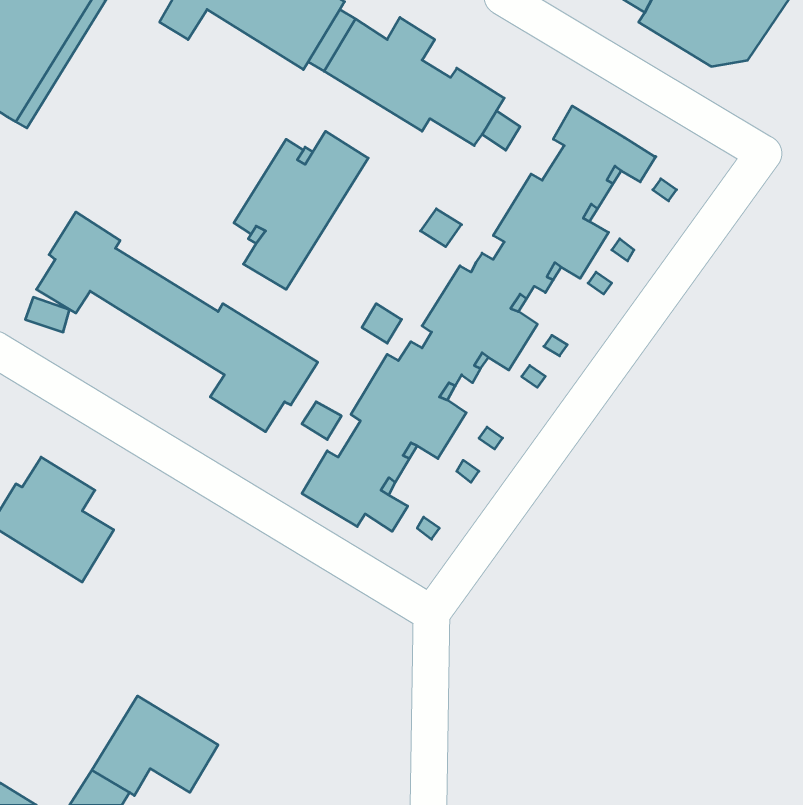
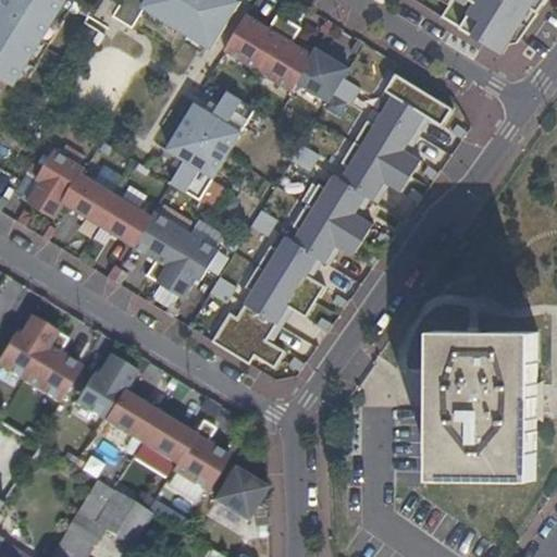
building: none -> [431,330,534,480]
building: none -> [71,354,226,491]
building: none -> [211,466,264,520]

